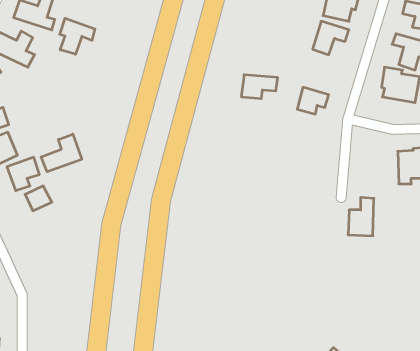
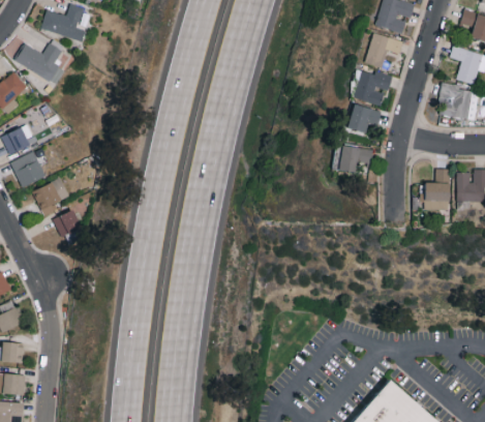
building: [60,18,95,54] -> none
building: none -> [353,70,392,106]
building: [241,75,278,99] -> [334,146,373,172]
building: [41,134,82,172] -> none
building: [348,197,374,236] -> [421,169,449,210]

